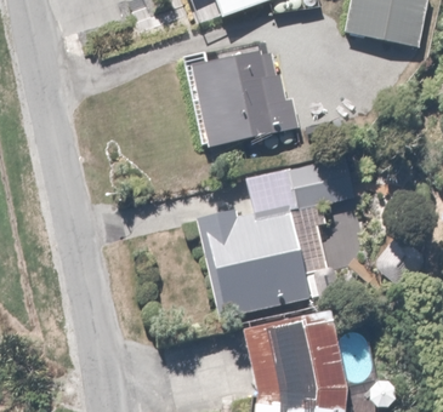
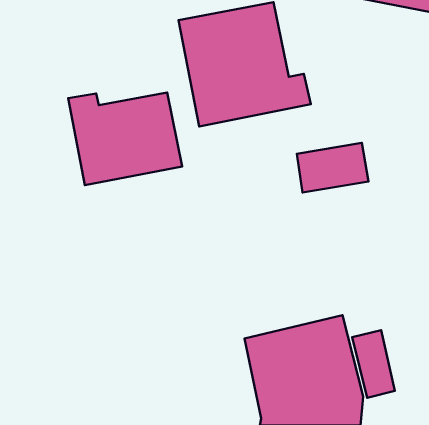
building: none -> [68,92,182,185]
building: [199,213,305,315] -> none

